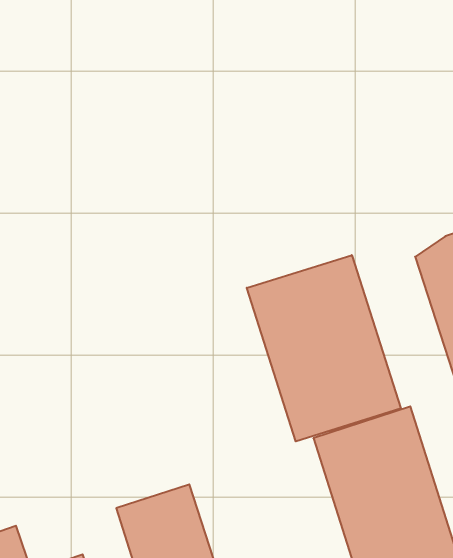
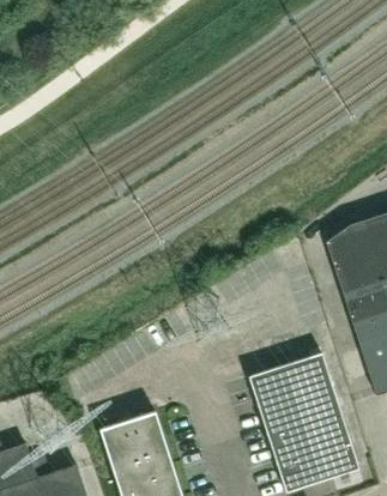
building: [247,255,401,441] -> none

